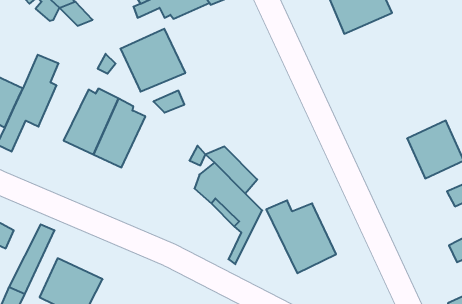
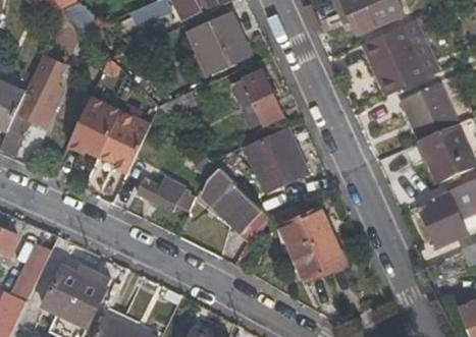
building: none -> [363,23,428,96]
building: [120,29,185,92] -> [186,10,252,74]
building: none -> [229,70,282,128]
building: none -> [401,85,458,143]
building: none -> [256,126,309,185]
building: none -> [137,174,197,211]
building: none -> [417,195,469,250]

